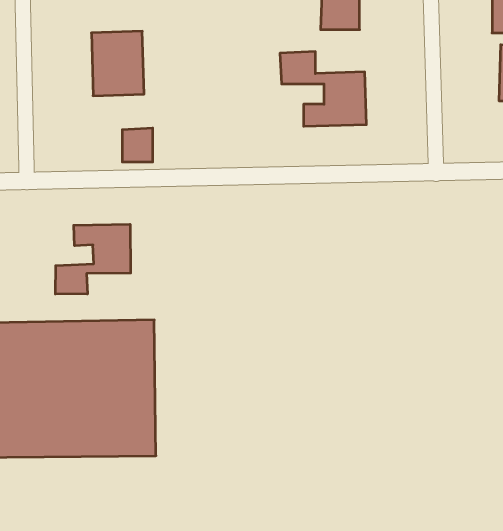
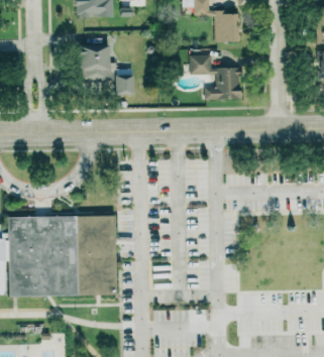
building: [122,128,153,162] -> [115,74,133,94]
building: [55,224,131,294] -> none

